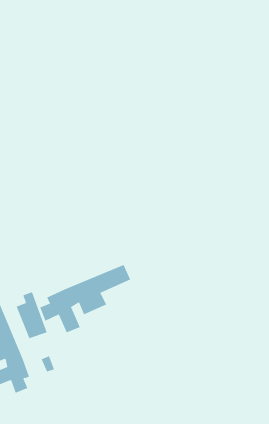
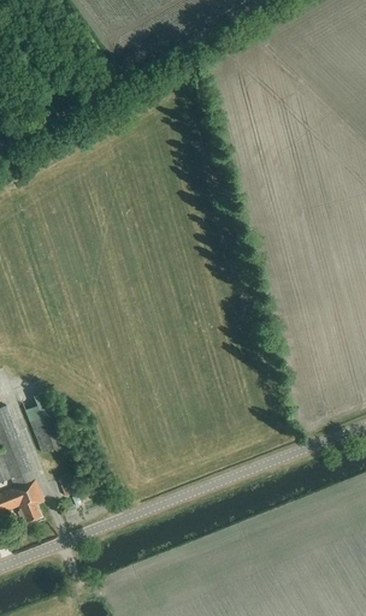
building: [40,264,131,333] -> none

